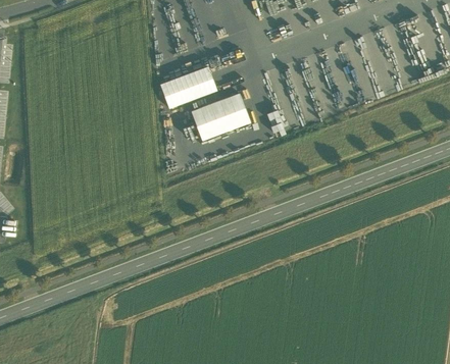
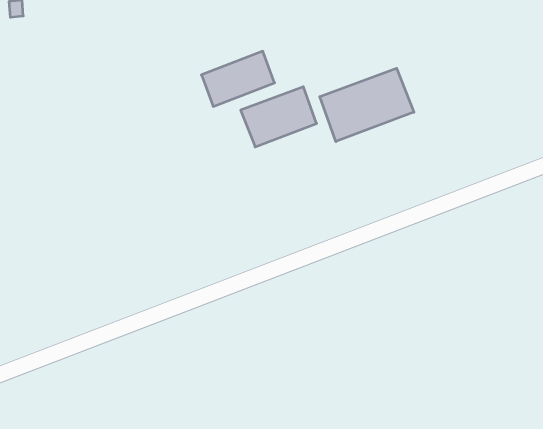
building: none -> [320,68,414,142]

